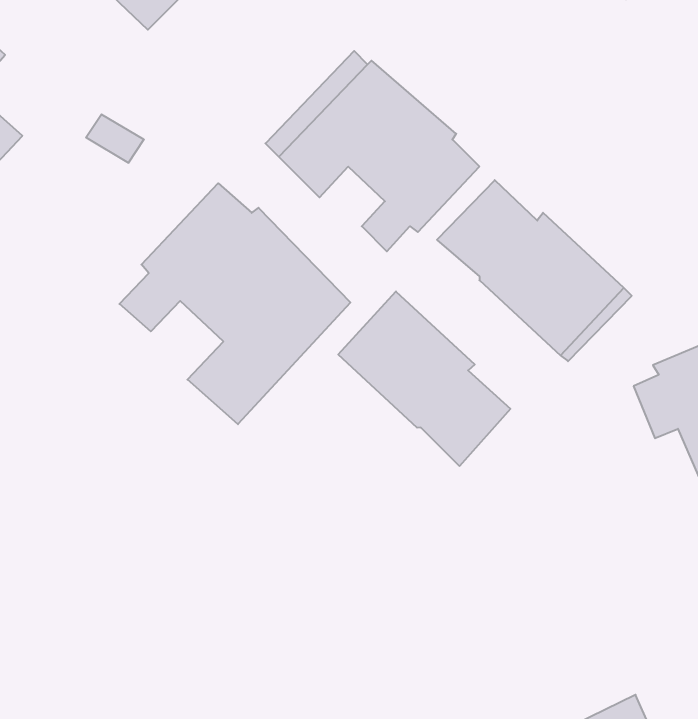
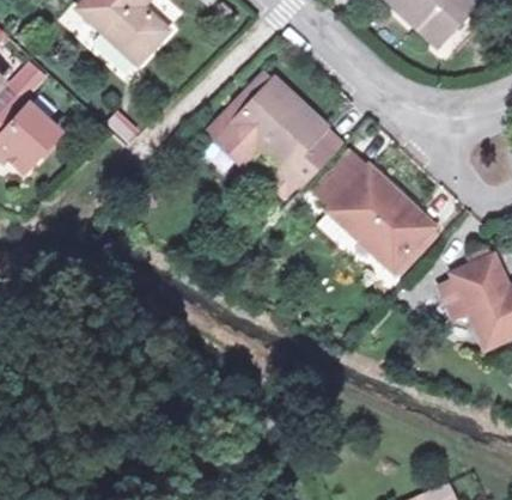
building: [119,183,350,424] -> none
building: [338,291,510,466] -> none

